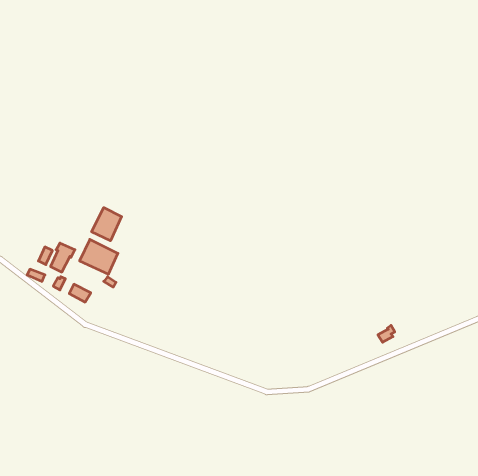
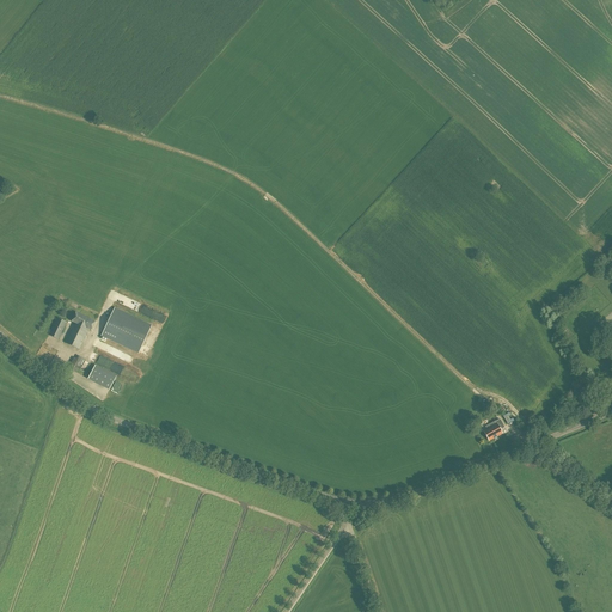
building: [92,208,122,241] -> none

